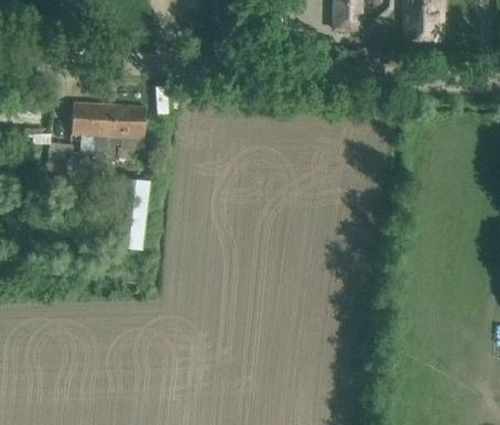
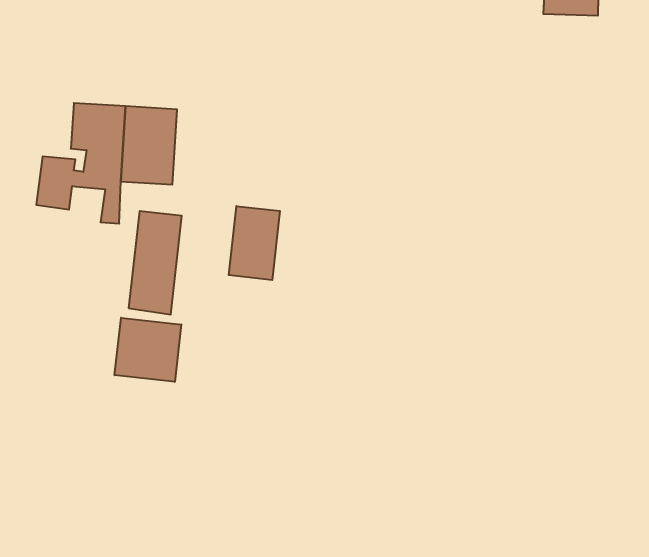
building: none -> [229,206,280,280]
building: none -> [115,318,181,382]

